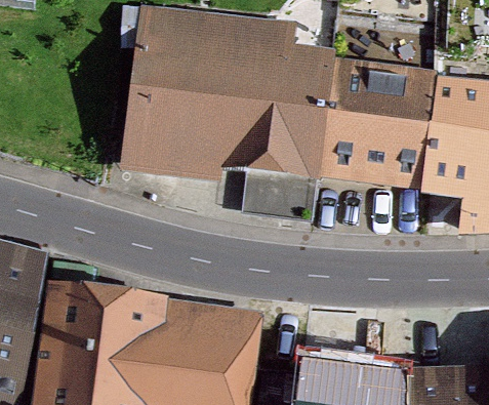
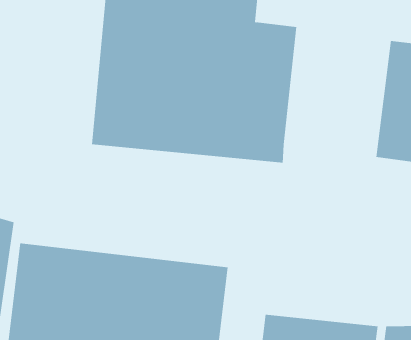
building: [324,57,435,194] -> none

